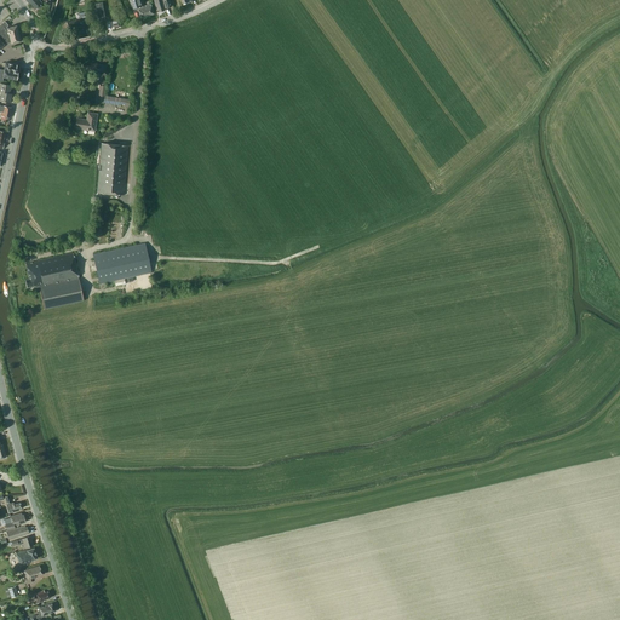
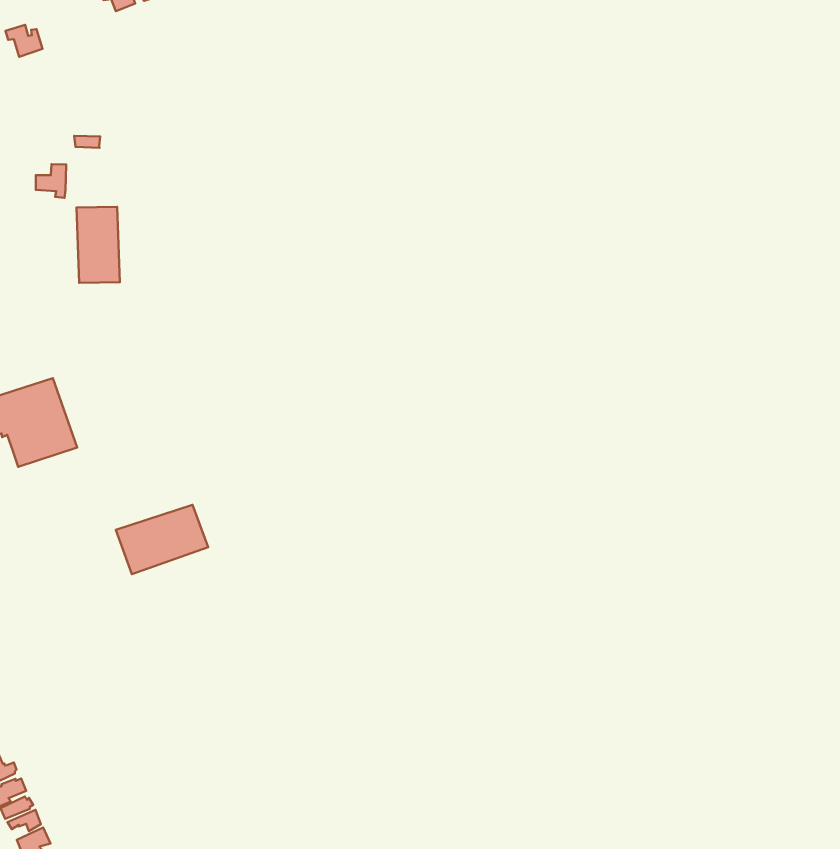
building: [91,242,150,283] -> [116,505,208,574]

